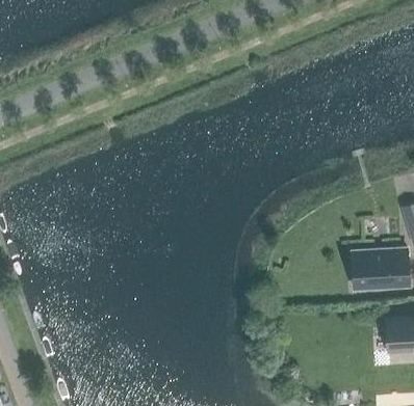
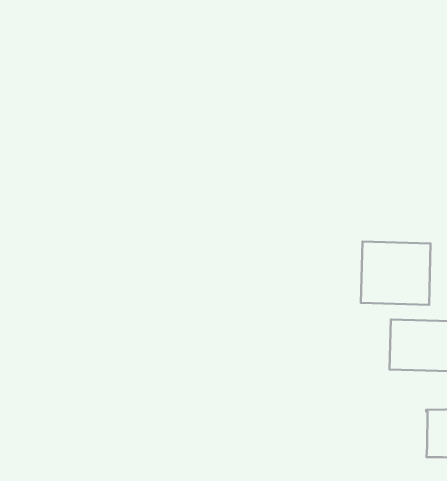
building: none -> [361,242,431,305]

